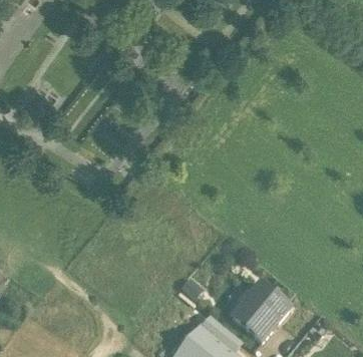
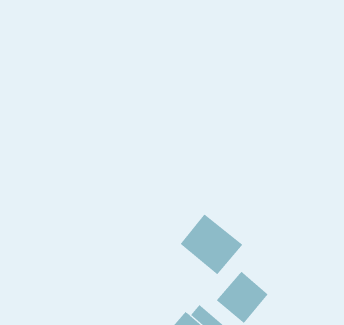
building: none -> [180,213,243,275]

